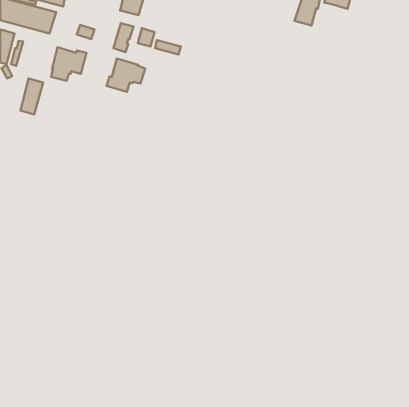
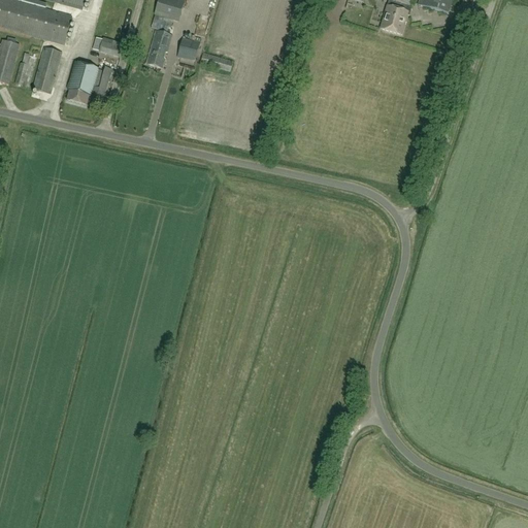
building: [106,58,145,92] -> none
building: [21,78,43,114] -> [33,46,62,93]

